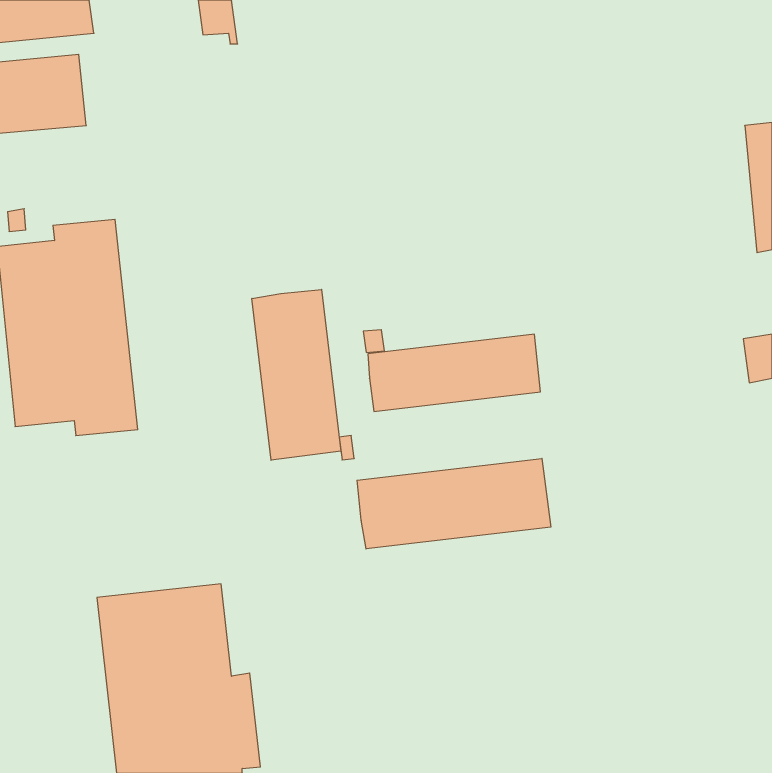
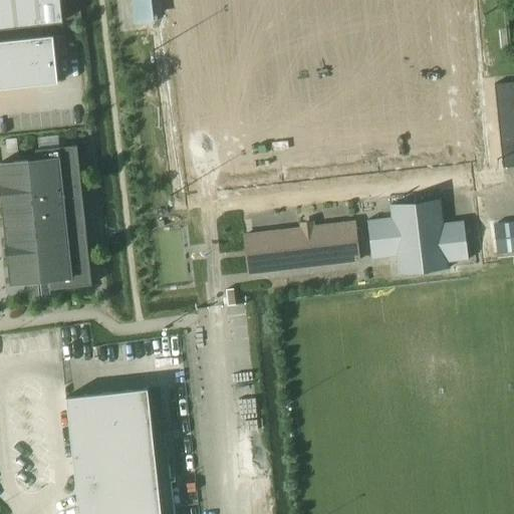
building: [252,289,341,460] -> none
building: none -> [366,199,468,275]
building: [357,458,551,549] -> none

